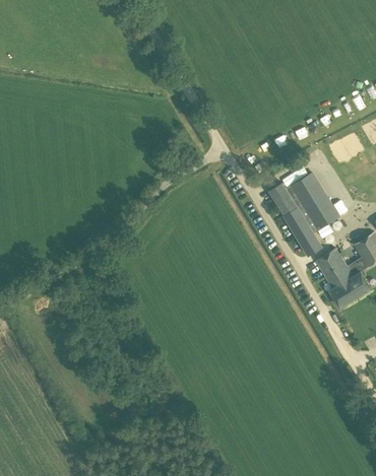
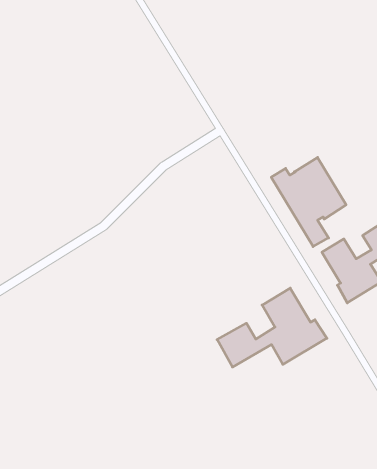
building: none -> [217,288,327,367]

